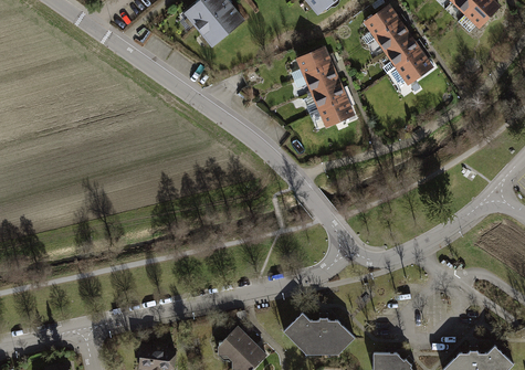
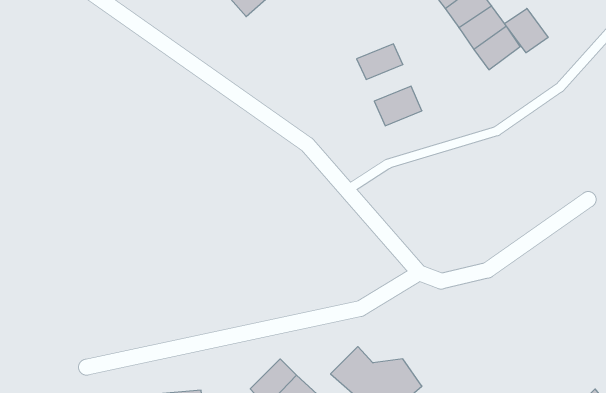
building: none -> [505,8,548,53]
building: [295,49,332,78] -> none
building: [309,83,346,113] -> none

